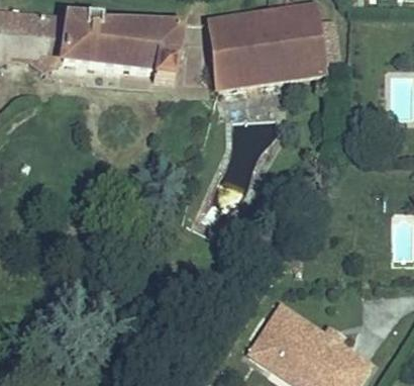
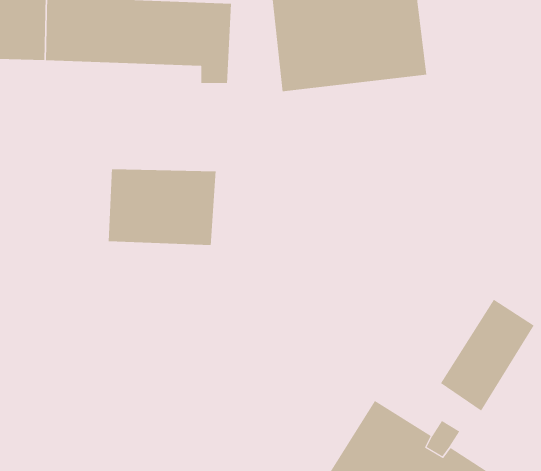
building: none -> [108,168,216,246]
building: none -> [440,299,534,412]

